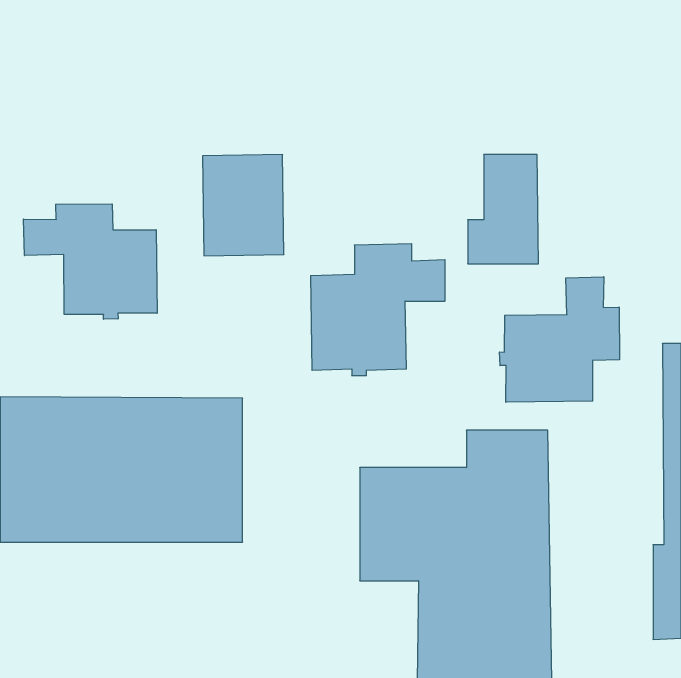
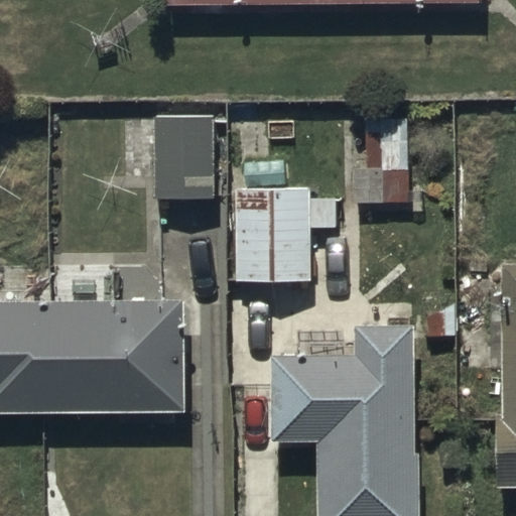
building: [24,204,157,319] -> none
building: [500,277,619,402] -> none

